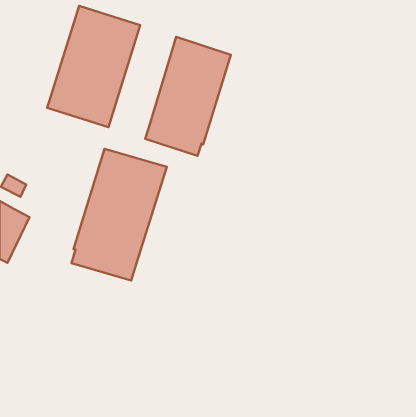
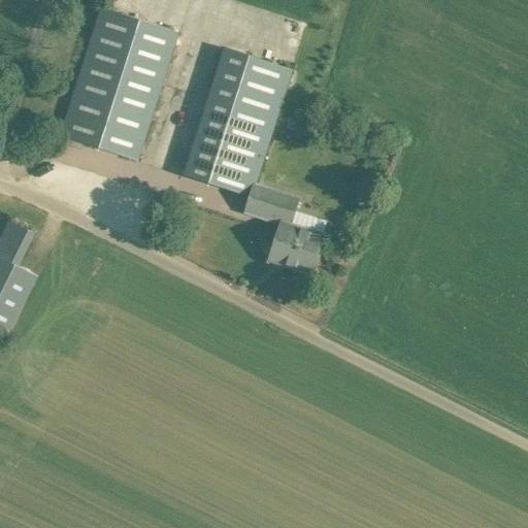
building: none -> [245,182,324,273]
building: [71,149,167,281] -> none

